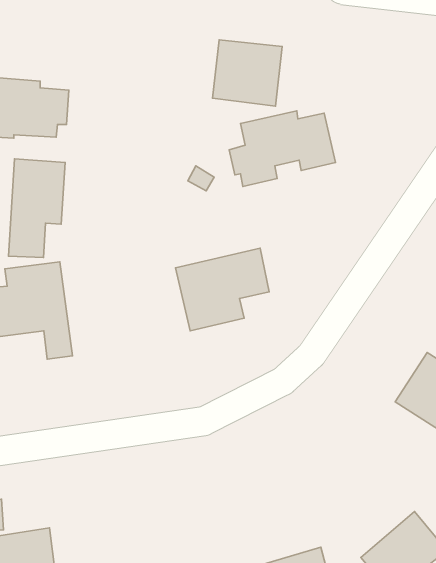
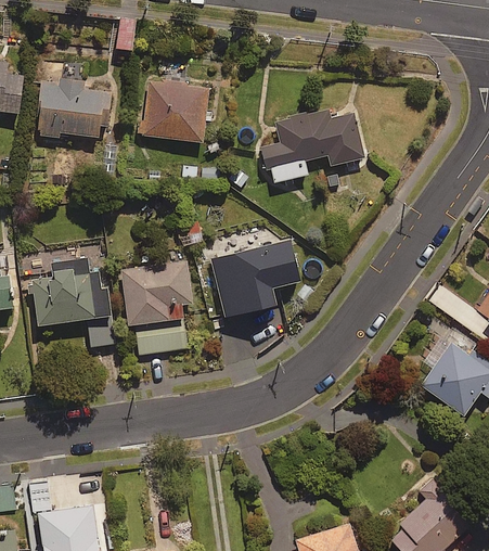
building: [212,40,282,106] -> [142,79,208,142]
building: [8,159,65,257] -> none
building: none -> [120,260,191,354]

